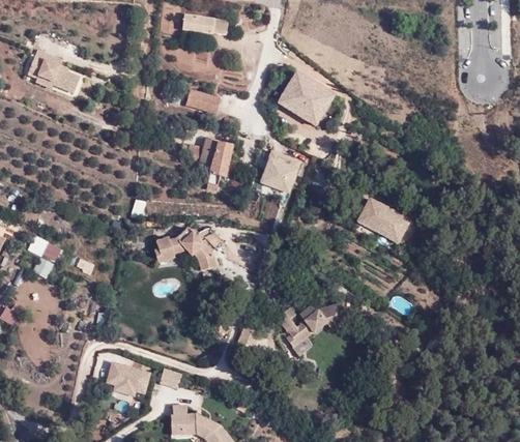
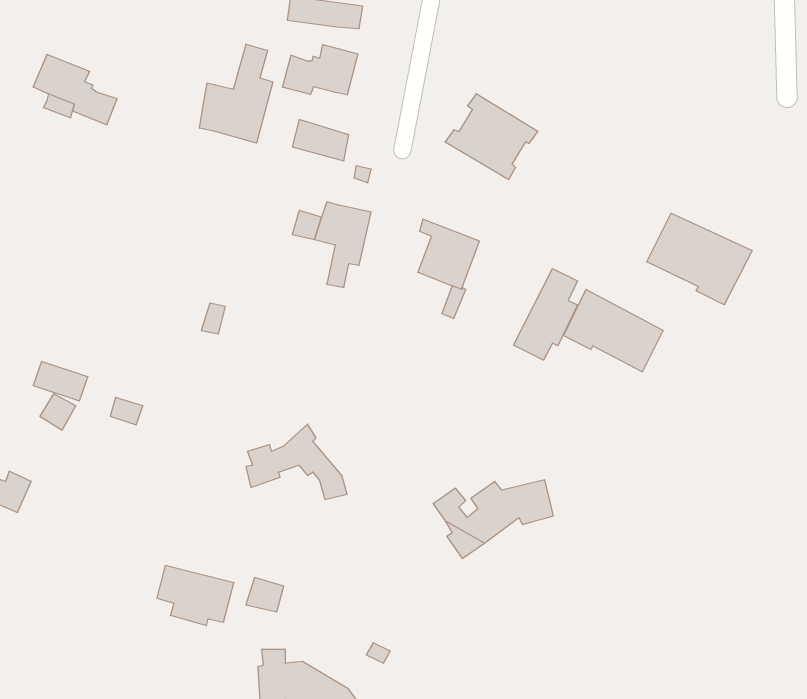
building: none -> [200,44,273,143]
building: none -> [283,45,358,95]
building: none -> [647,213,752,305]
building: none -> [514,269,578,360]
building: [155,224,216,269] -> [246,424,347,499]

